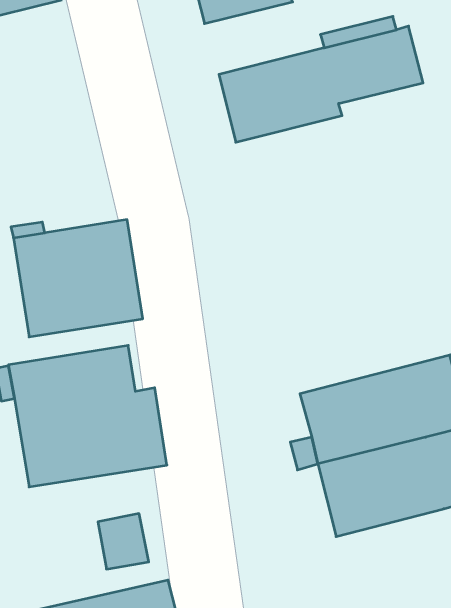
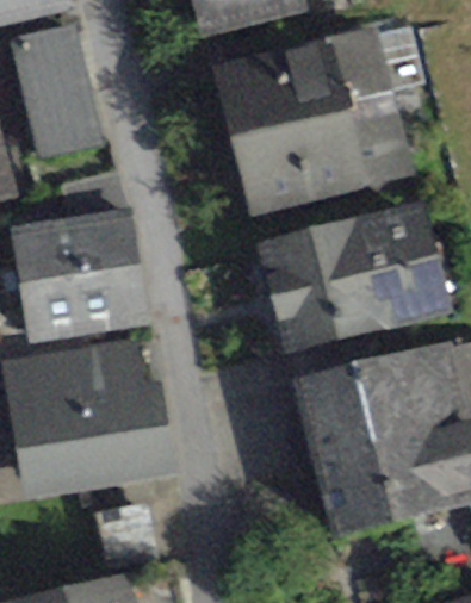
building: none -> [20,32,95,153]
building: none -> [236,114,404,209]
building: none -> [265,216,435,344]

